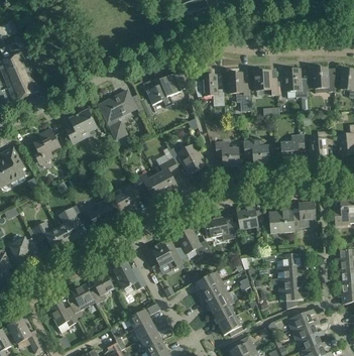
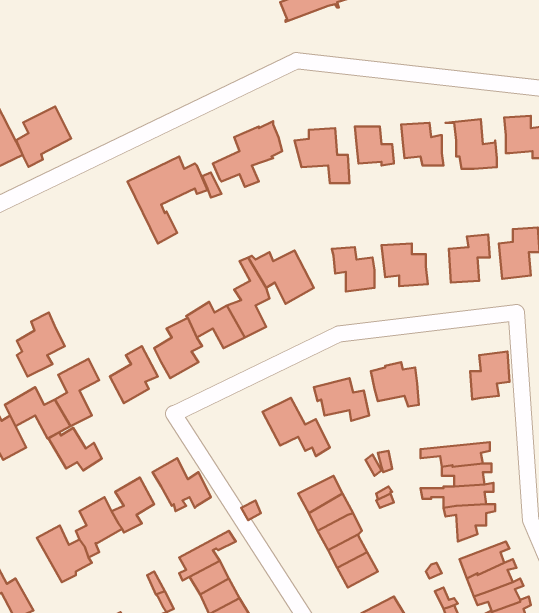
building: [65,109,96,143] -> [16,106,71,167]
building: [32,127,60,163] -> [17,313,65,376]
building: [268,207,293,233] -> none
building: [149,239,183,269] -> none
building: none -> [48,428,102,471]

